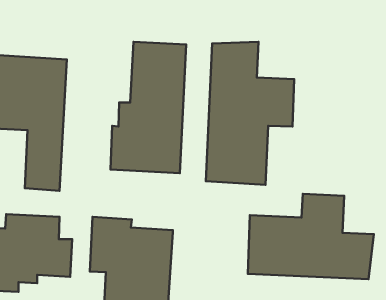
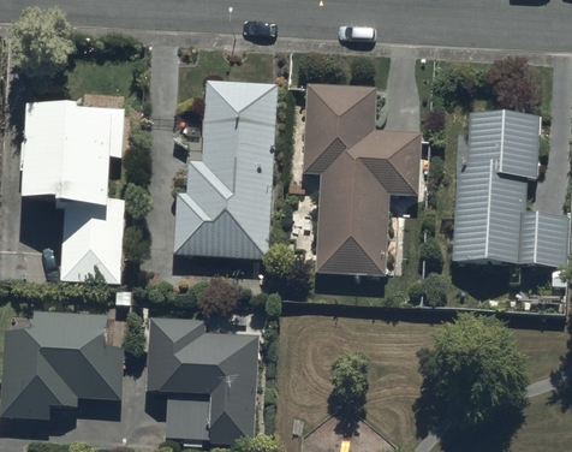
building: none -> [452,111,538,262]
building: [248,194,374,279] -> none

